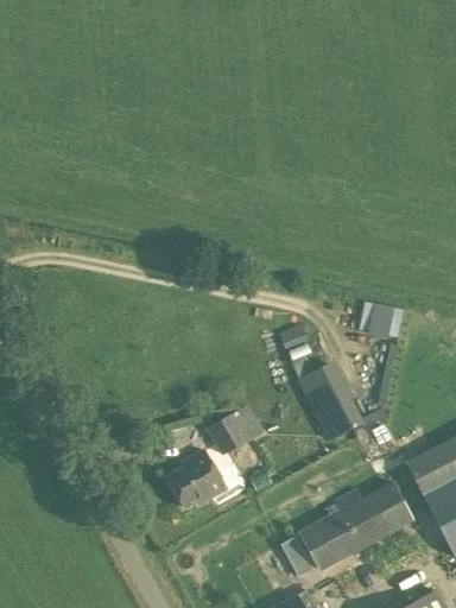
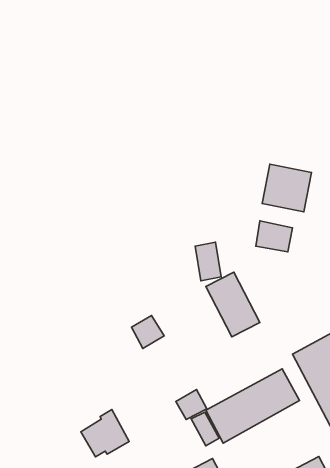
building: none -> [262,164,312,212]
building: [165,450,224,508] -> [81,410,129,457]
building: none -> [176,389,207,420]

